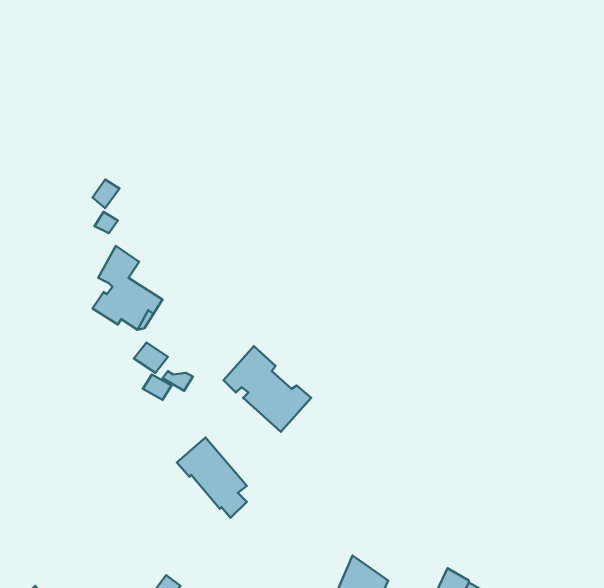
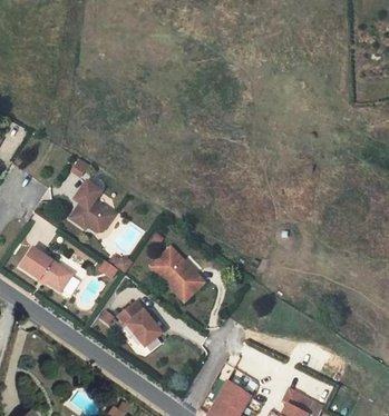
building: none -> [21,256,74,299]

